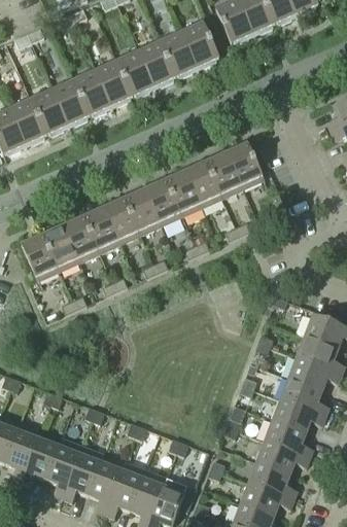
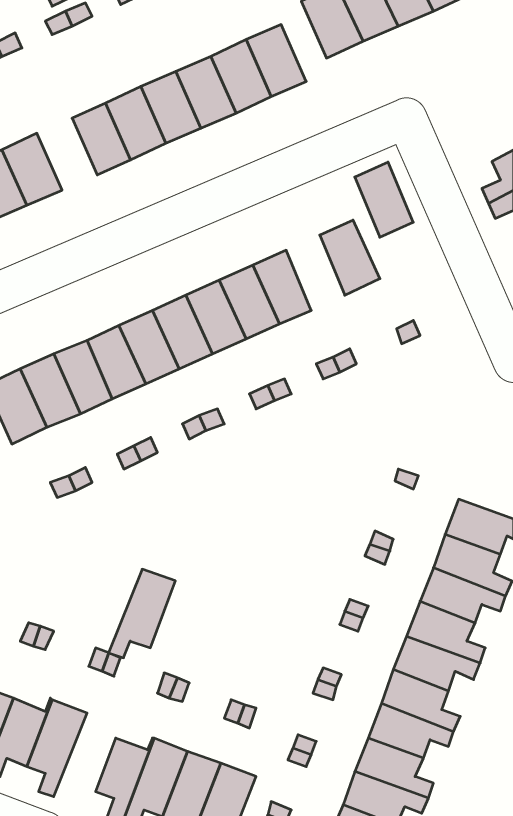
building: [53,79,90,124] -> none
building: [206,151,242,198] -> [355,162,413,237]
building: [63,446,104,500] -> [109,569,175,658]

